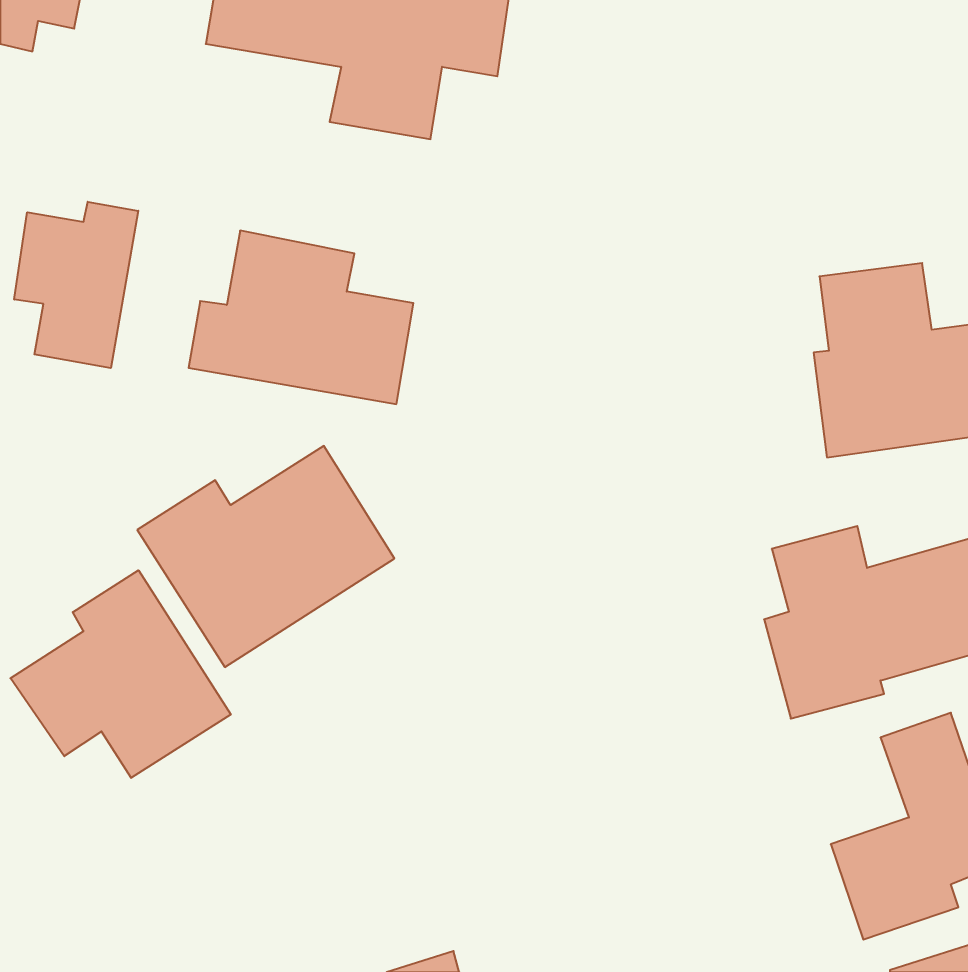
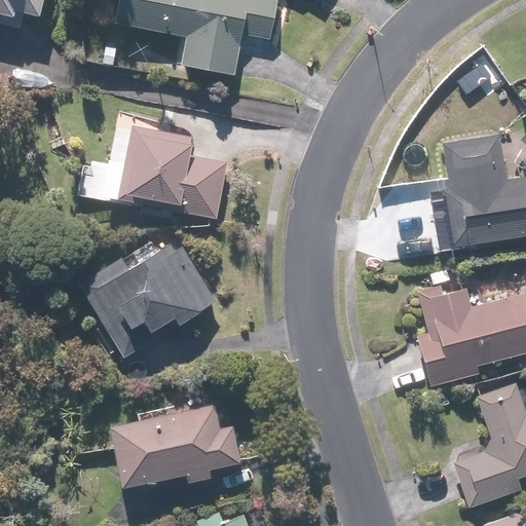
building: [14,202,138,368] -> none
building: [10,570,231,778] -> none
building: none -> [107,403,239,491]

